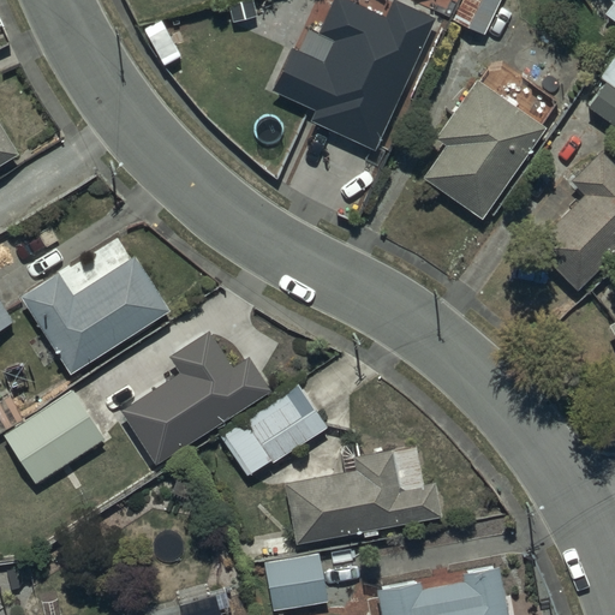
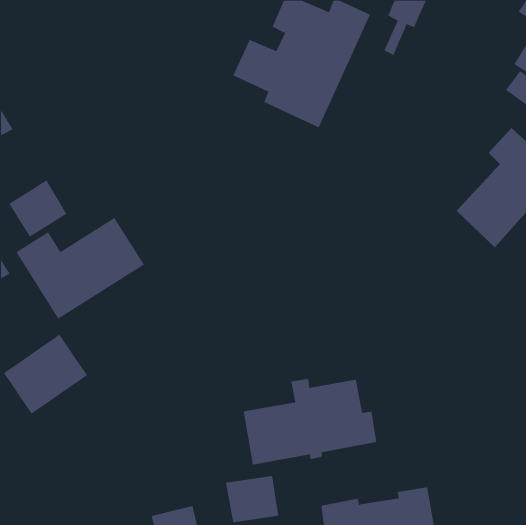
building: [422,80,543,219] -> none
building: none -> [8,180,67,238]
building: [124,334,267,461] -> none
building: [221,384,326,474] -> none

